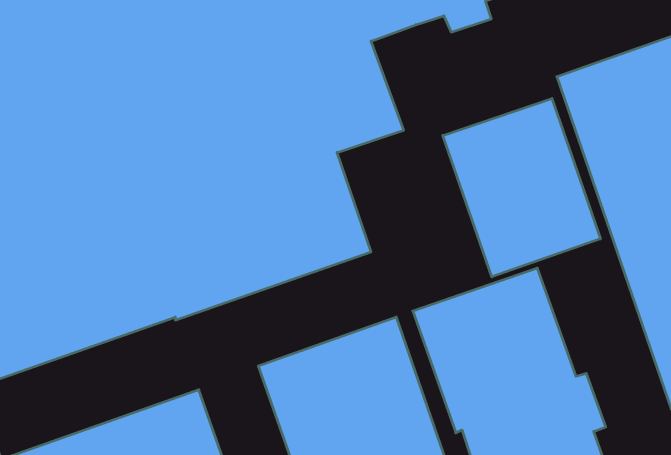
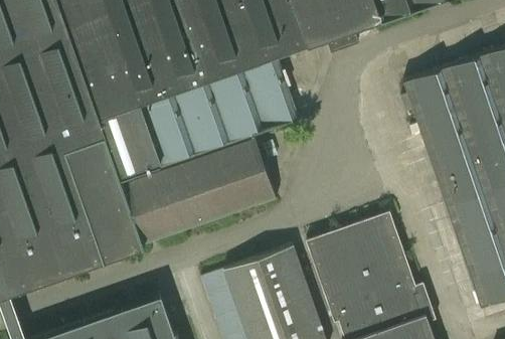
building: [443,98,600,277] -> none

